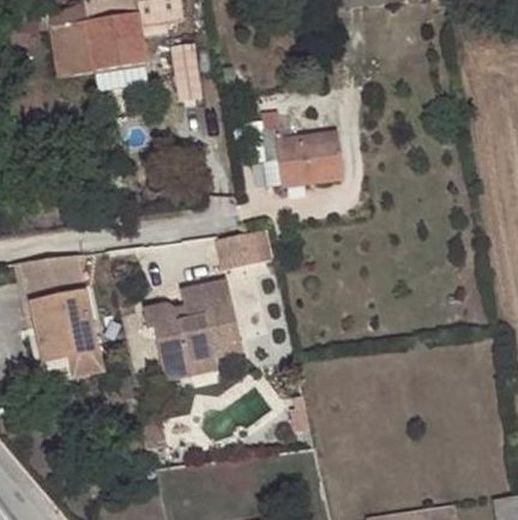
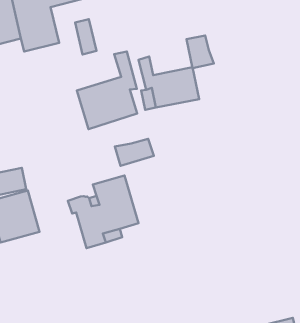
building: none -> [186,36,214,68]
building: none -> [77,52,137,129]

